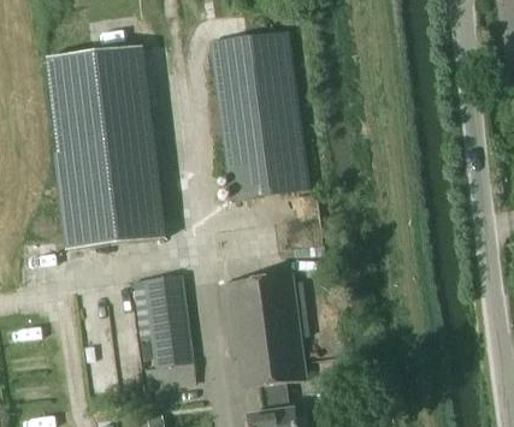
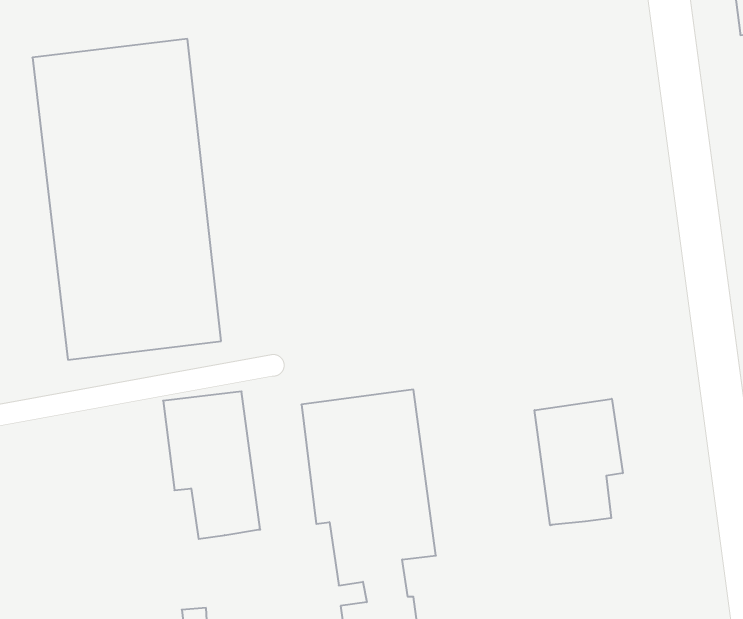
building: [209,30,308,198] -> none
building: none -> [535,399,623,525]

